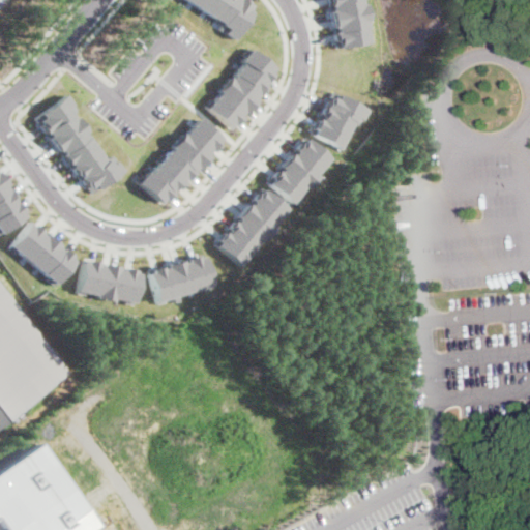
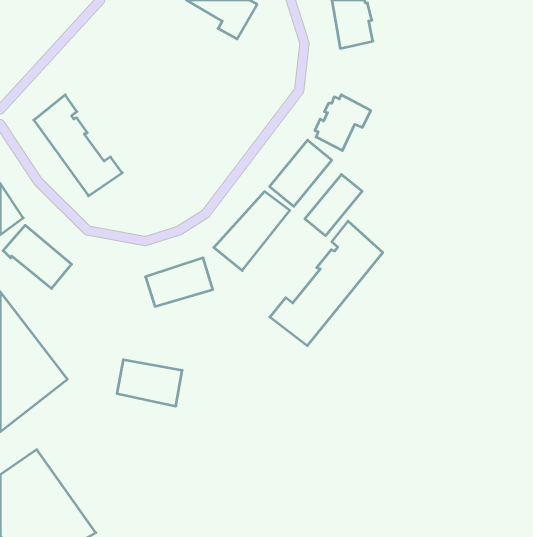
building: [208,49,277,129] -> none
building: [140,119,224,206] -> none
building: none -> [305,174,362,236]
building: none -> [270,221,383,346]
building: [77,260,141,305] -> [117,360,182,406]

